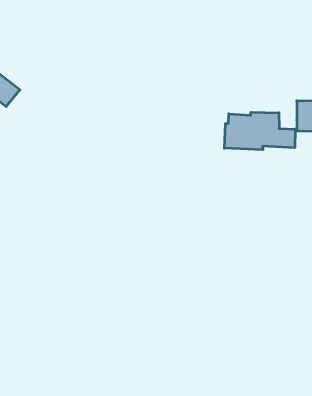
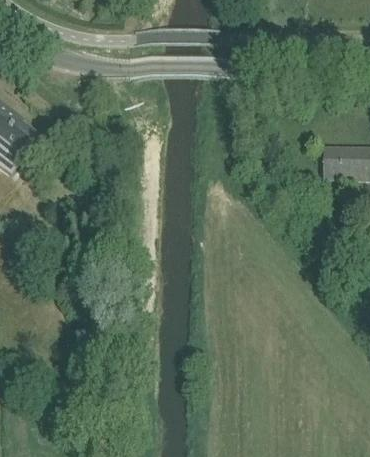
building: [224,112,295,150] -> none

